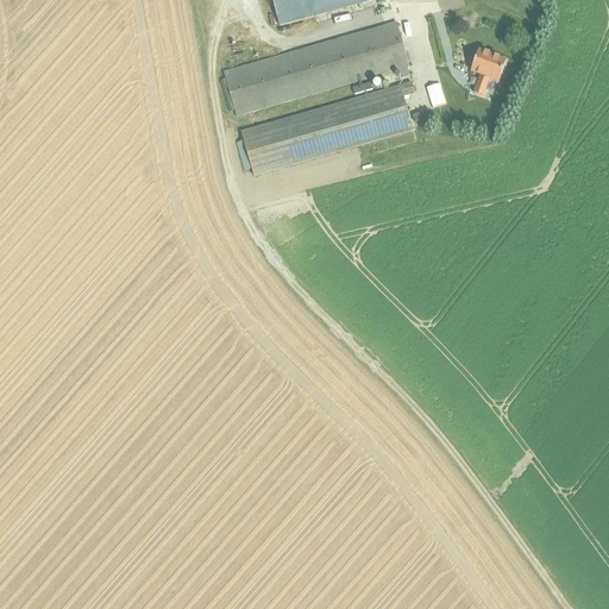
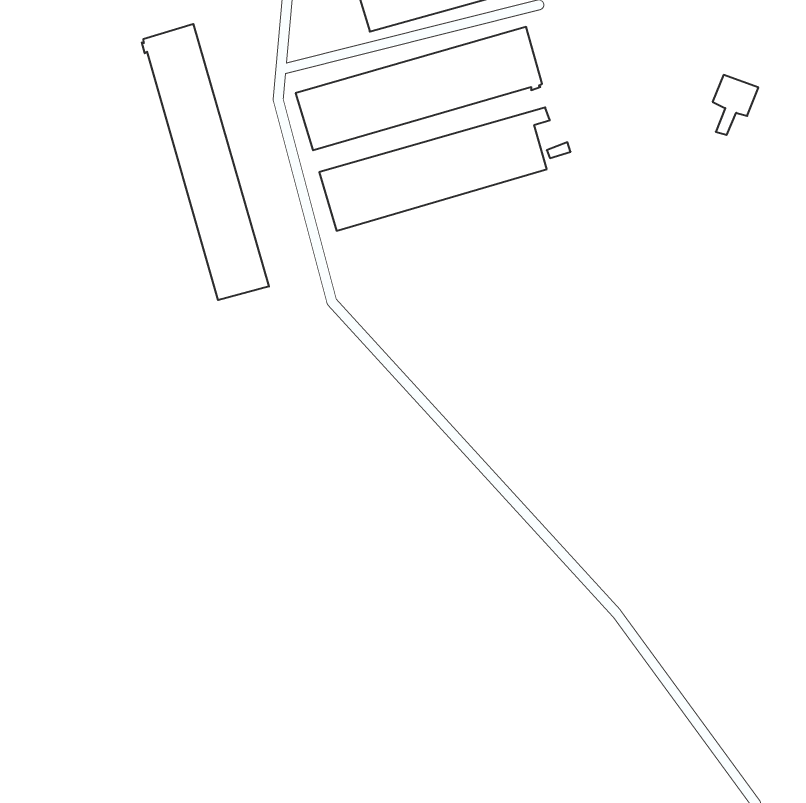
building: none -> [142,24,269,300]
building: [470,48,504,93] -> [713,75,758,135]

